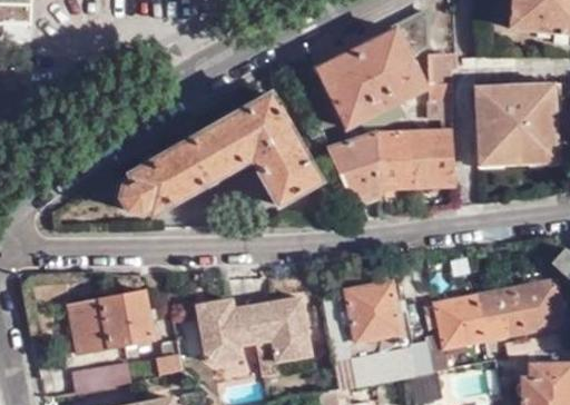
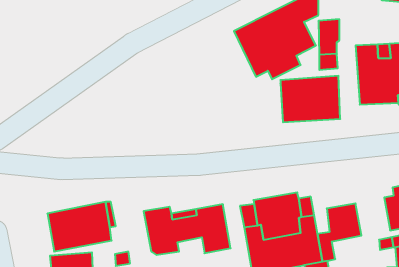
building: [119,93,317,215] -> none
building: [326,137,379,208] -> none
building: [474,287,520,337] -> none

